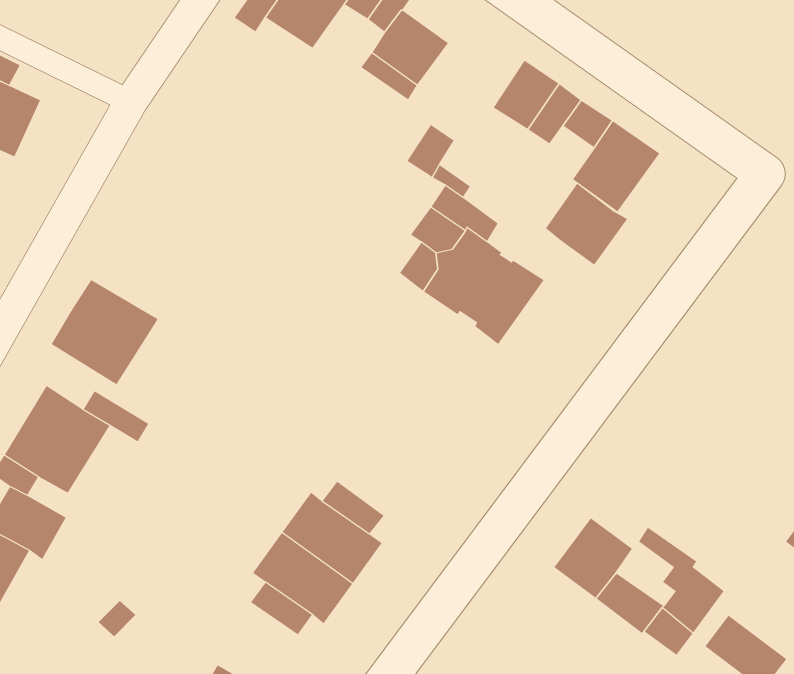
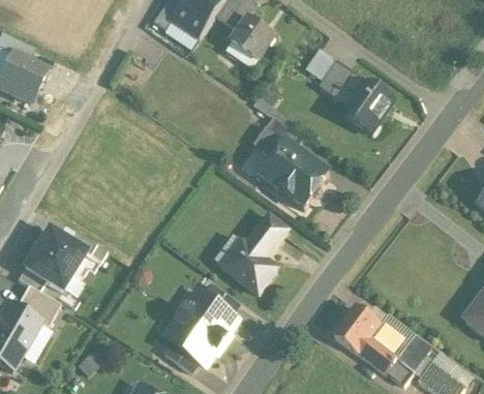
building: [545,183,628,265] -> none
building: [51,279,159,385] -> none
building: none -> [223,214,288,293]

